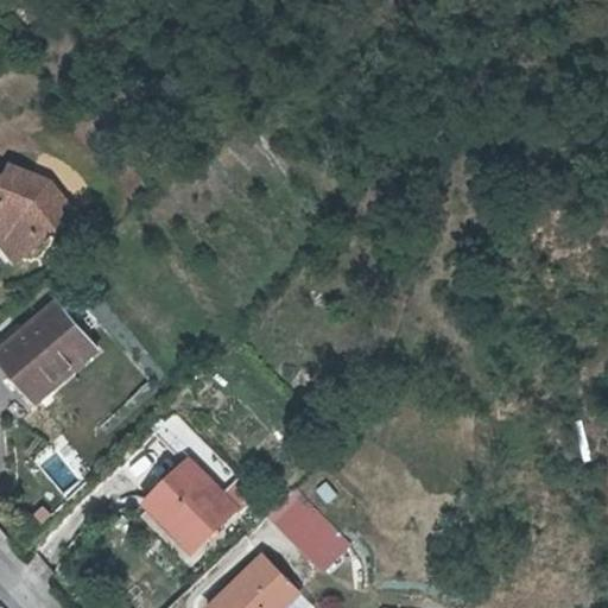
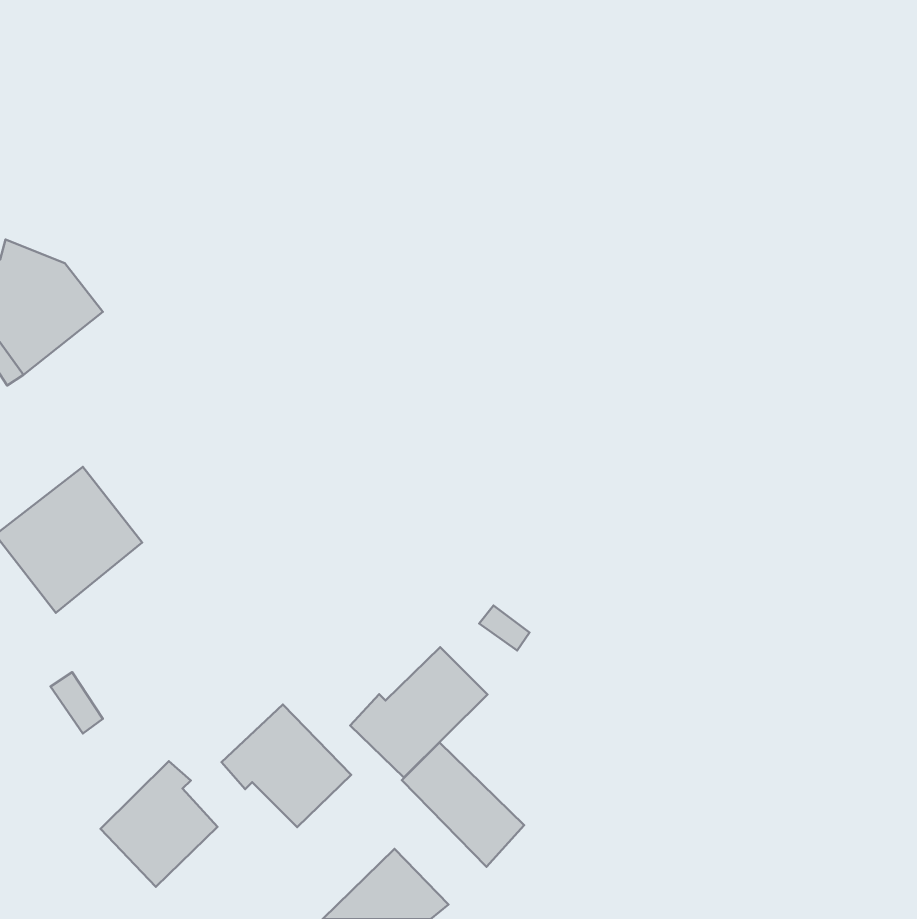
building: none -> [350,647,488,778]
building: none -> [100,761,218,887]

